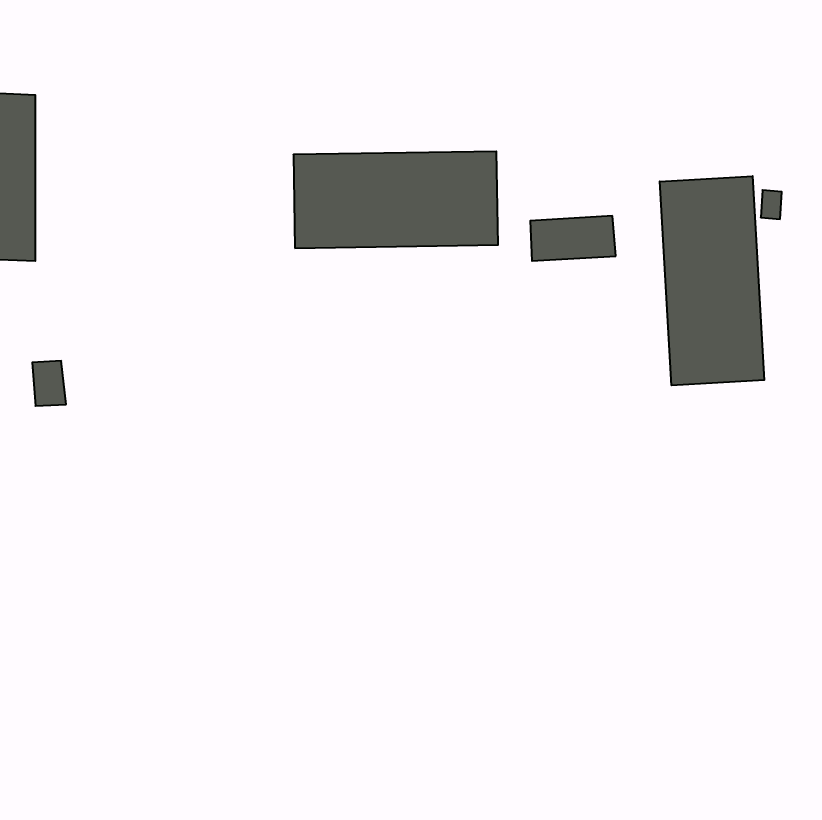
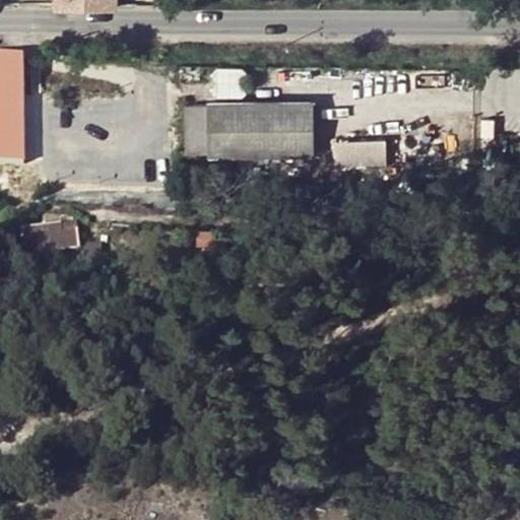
building: [660,176,764,385] -> none
building: none -> [39,228,78,257]

